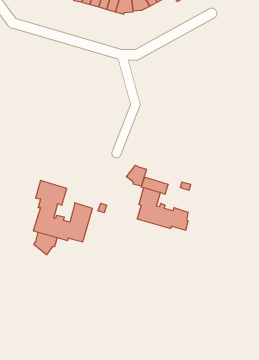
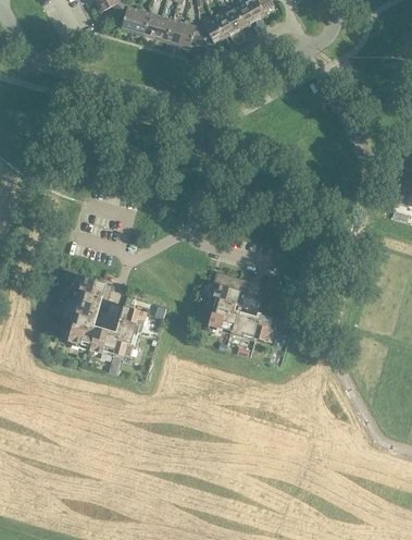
building: [126,165,146,186] -> none
building: [34,232,57,255] -> none

